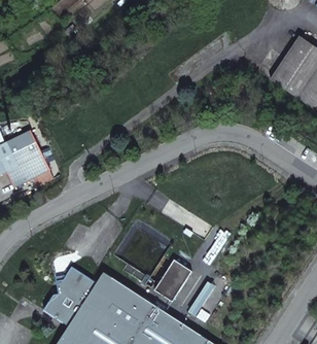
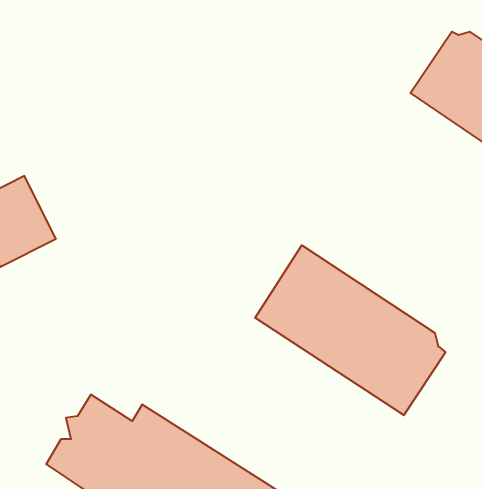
building: none -> [255,245,445,415]
building: [154,261,191,302] -> none

